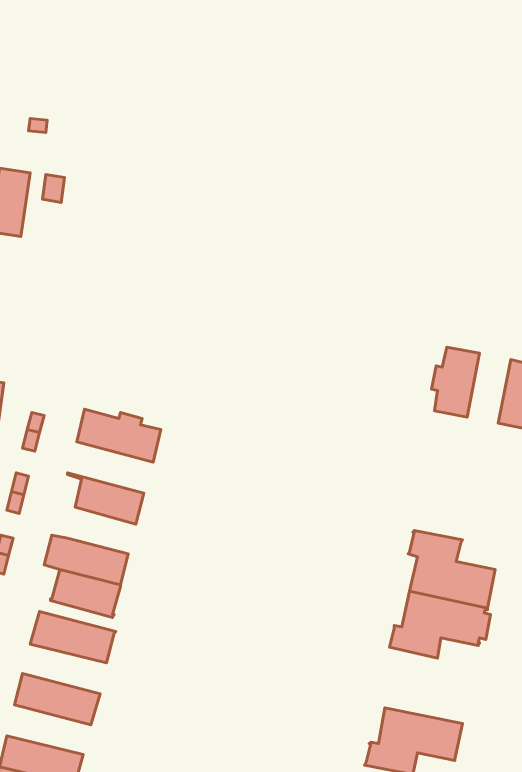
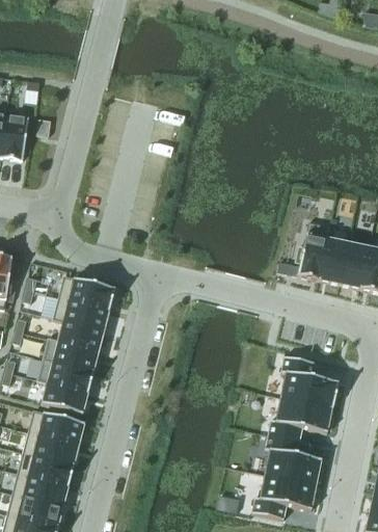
building: none -> [320,237,349,284]
building: none -> [53,296,110,330]
building: none -> [43,338,99,371]
building: none -> [23,431,79,464]
building: none -> [265,433,325,484]
building: none -> [12,472,69,505]

